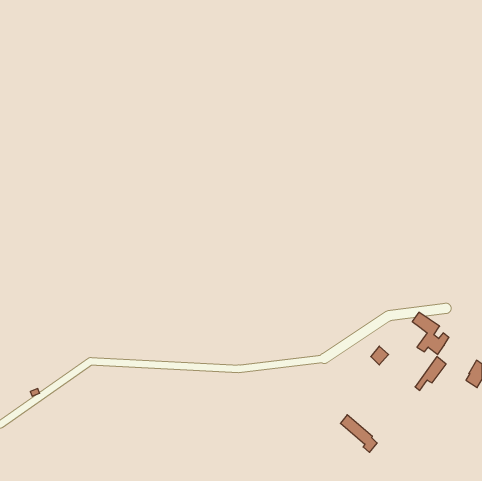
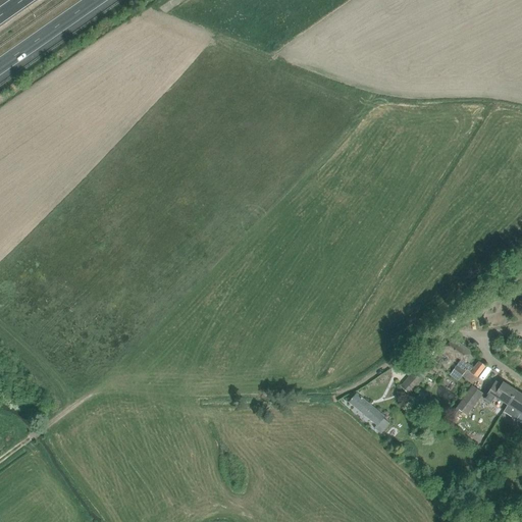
building: none -> [484,381,515,404]
building: [340,415,377,452] -> [350,393,389,433]

